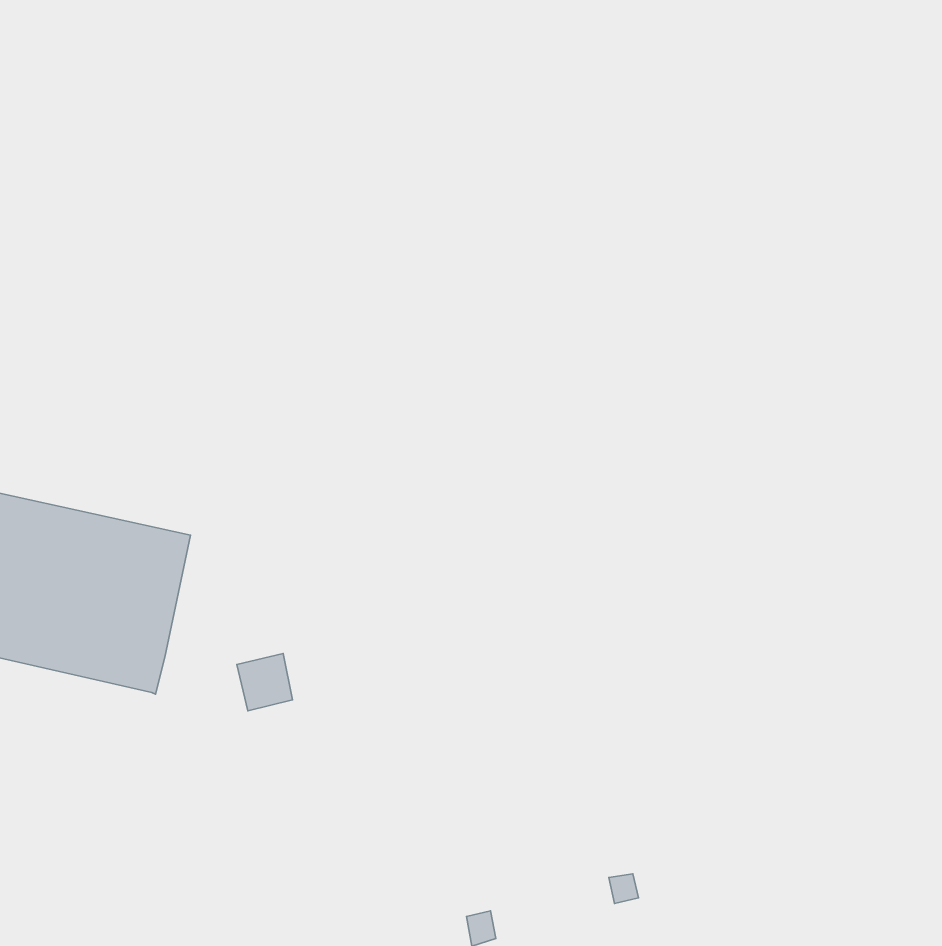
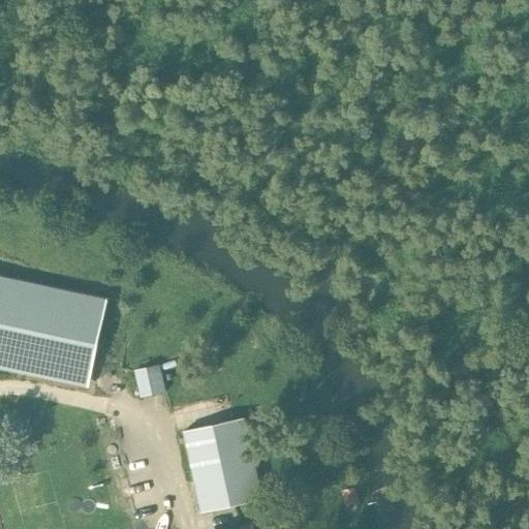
building: none -> [182,417,261,512]

